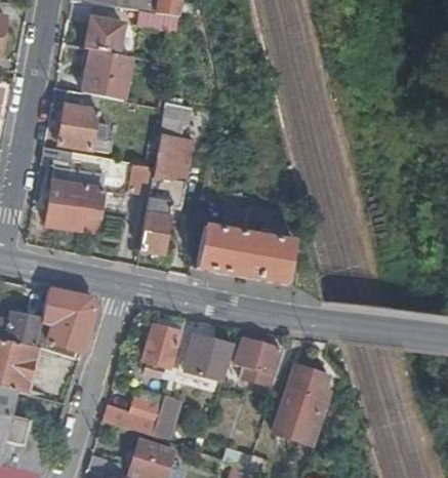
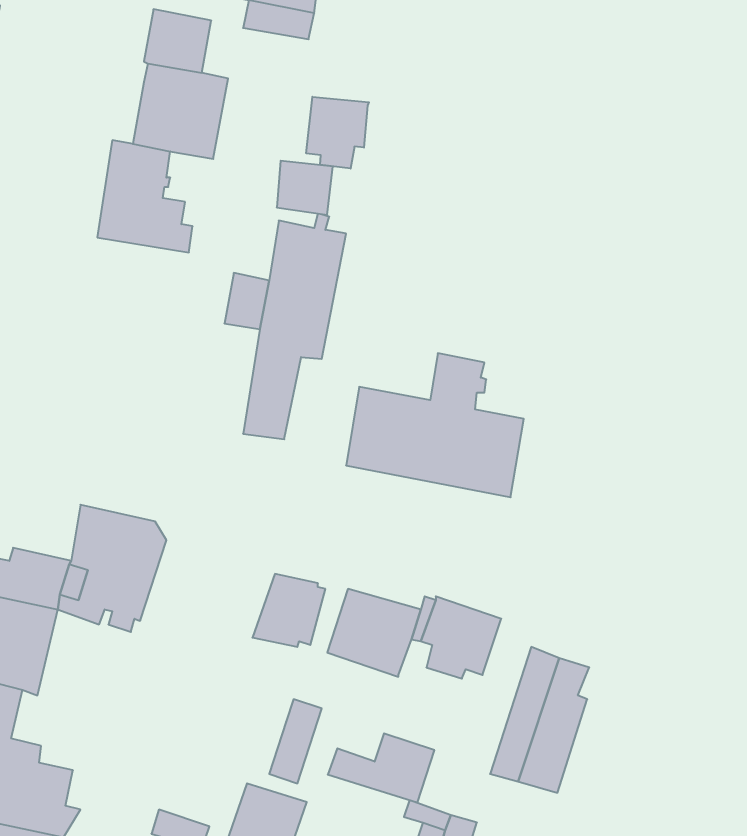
building: none -> [306,97,369,169]
building: [41,145,106,229] -> none
building: [105,398,163,436] -> [328,733,434,803]

